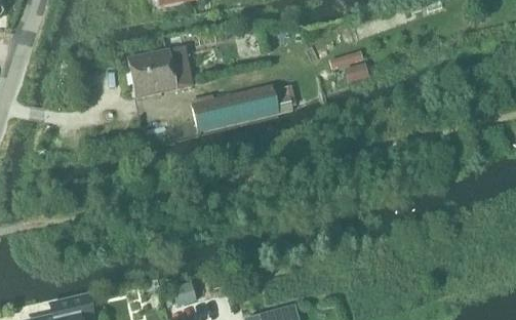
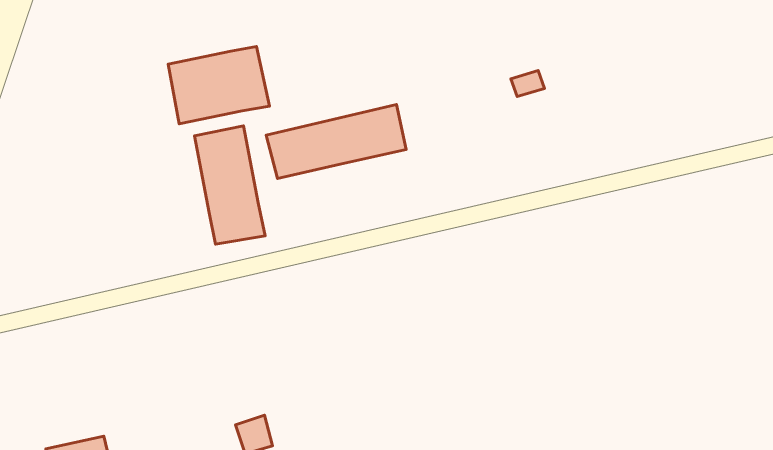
building: none -> [194,126,265,244]

